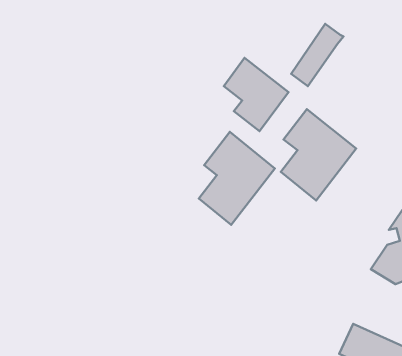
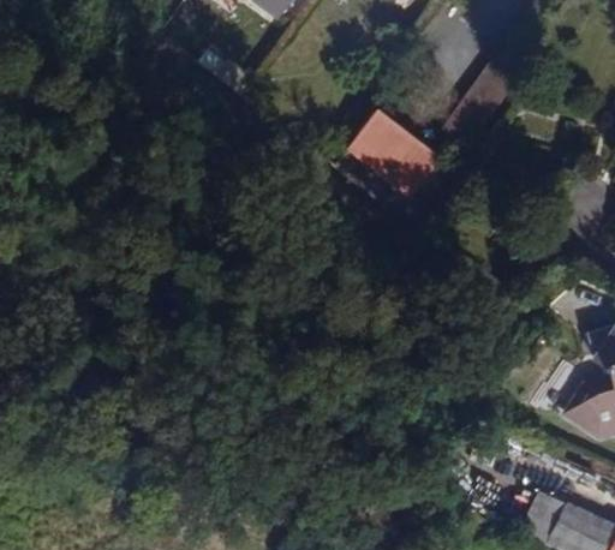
building: [281,109,356,200] -> none
building: [199,132,275,225] -> none

